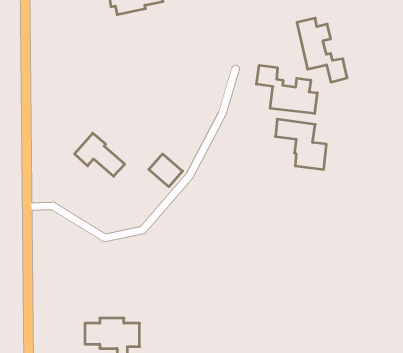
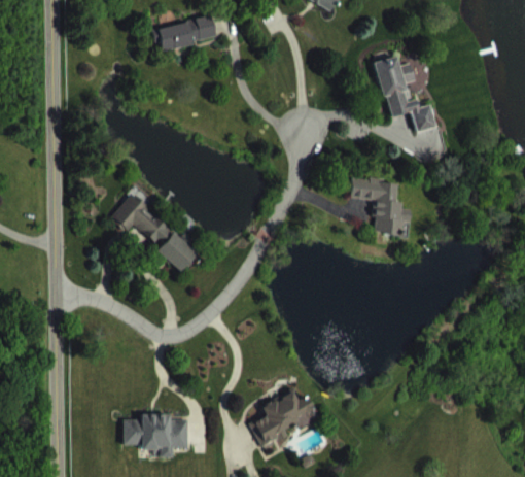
building: [256,65,317,114] -> none
building: [149,154,183,187] -> [156,232,197,271]
building: none -> [252,390,319,449]

